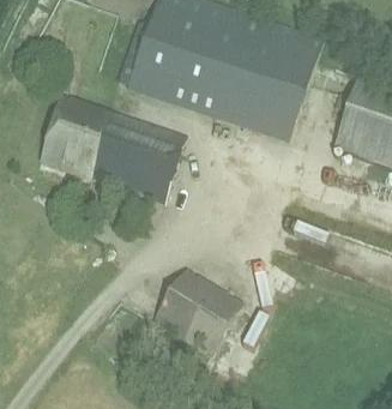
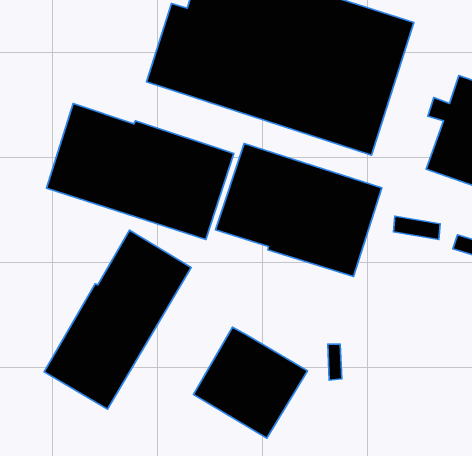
building: none -> [215,143,382,277]
building: none -> [44,230,191,409]

